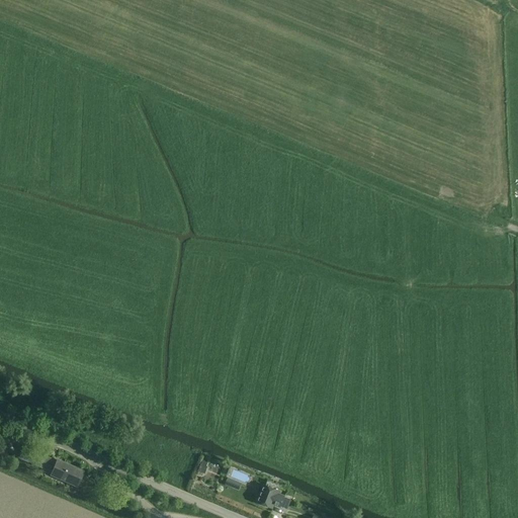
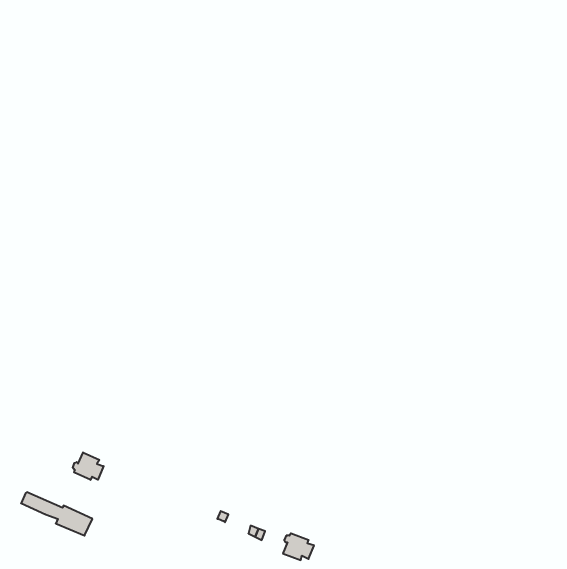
building: none -> [73,452,104,480]

